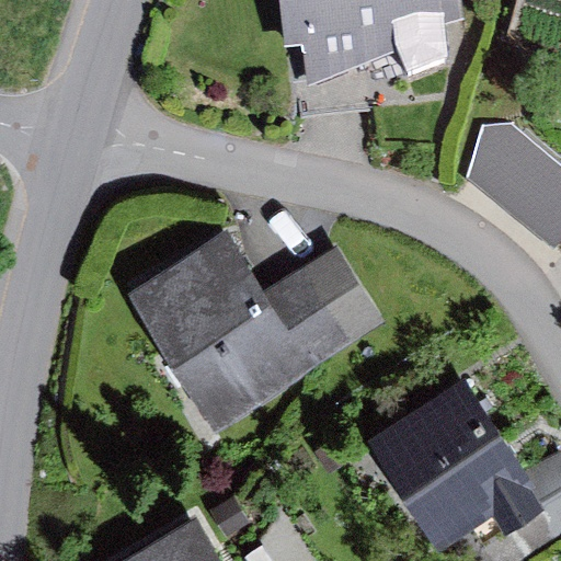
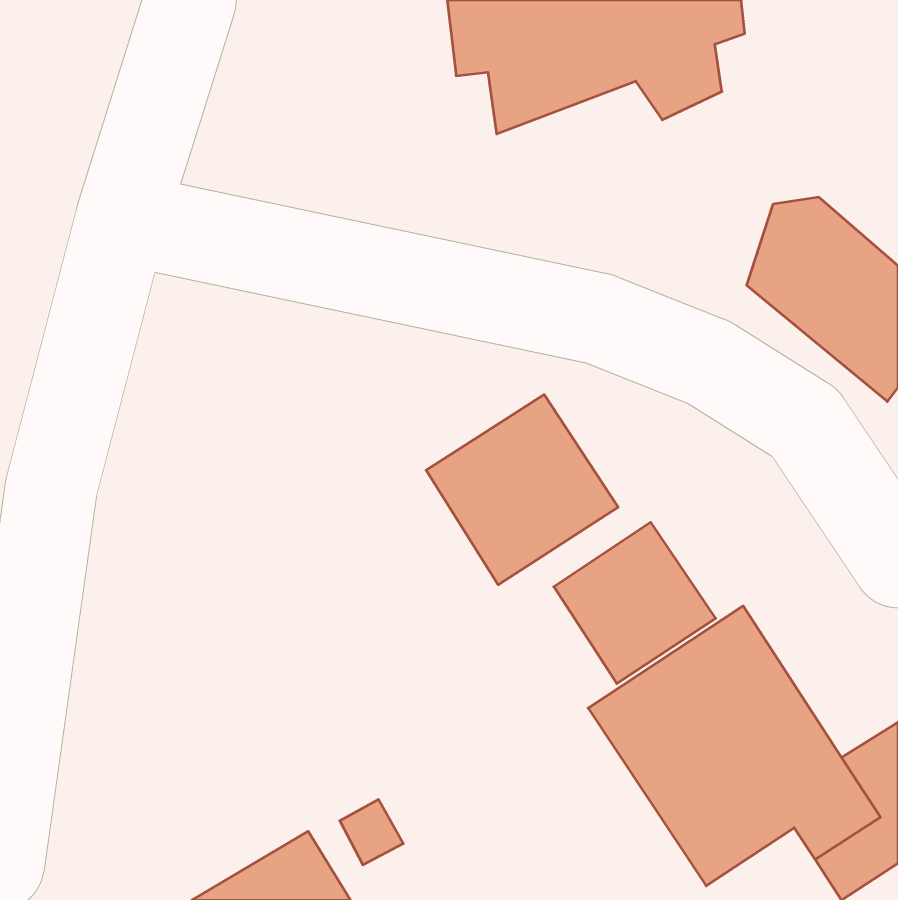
building: [133,231,310,424] -> none
building: none -> [554,522,716,684]

